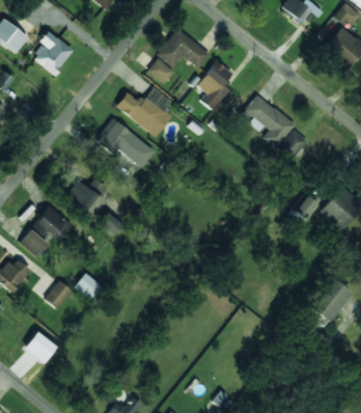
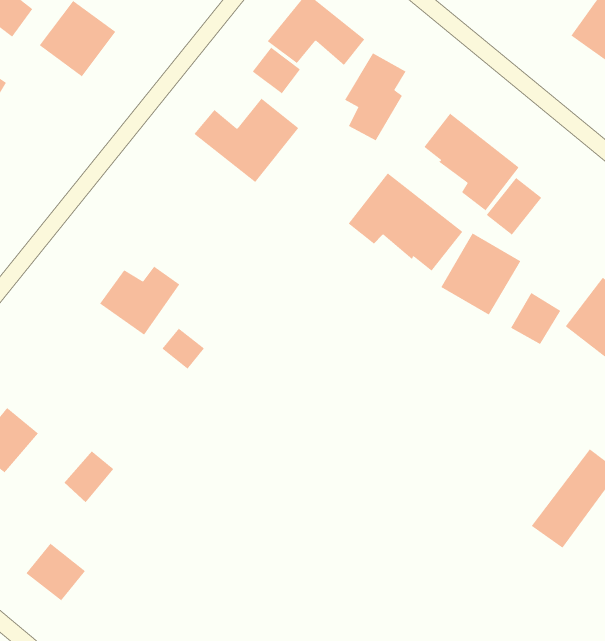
building: [96,118,156,168] -> none
building: none -> [348,173,463,271]
building: none -> [440,233,521,316]
building: [20,205,74,256] -> none
building: [74,273,105,303] -> none

